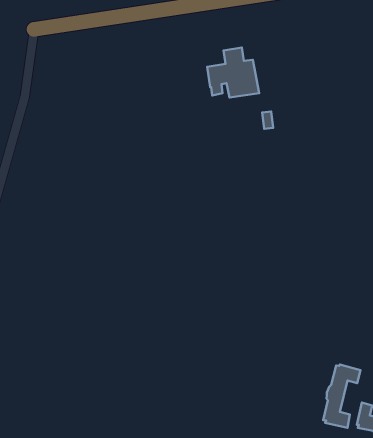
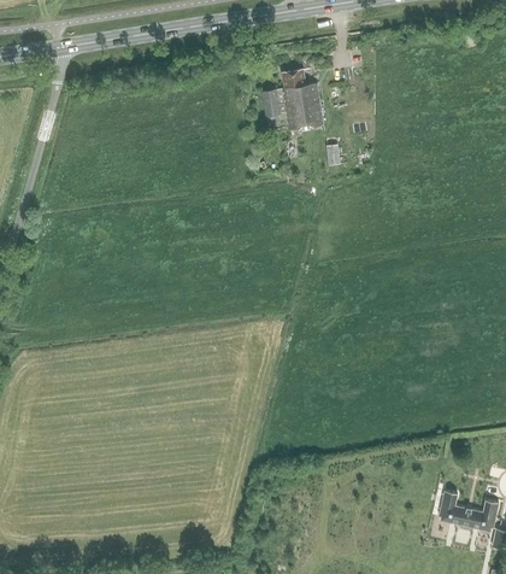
building: [323,364,361,428] -> none

